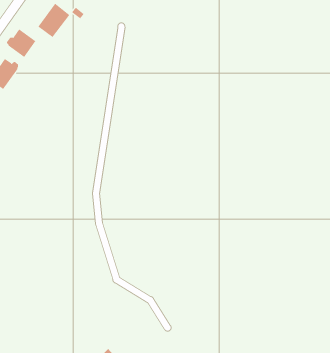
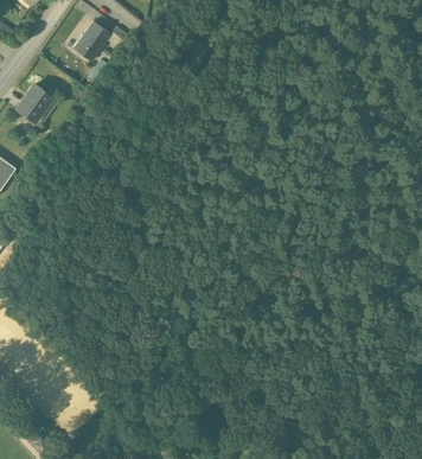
building: [7,29,36,58] -> none

